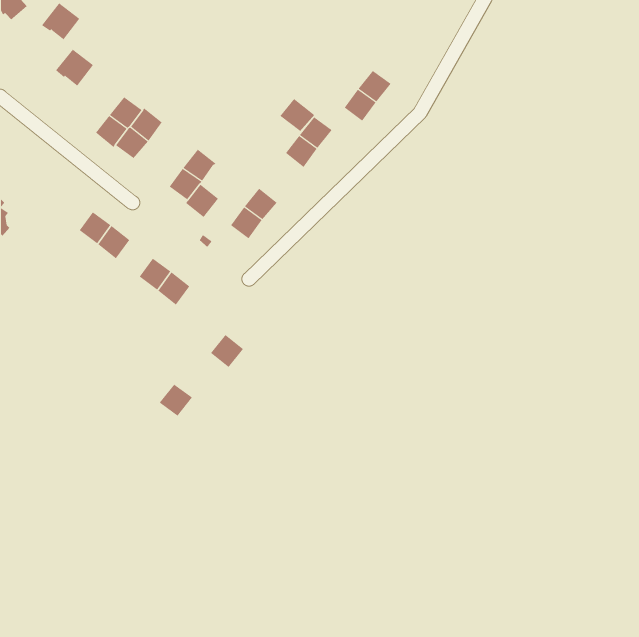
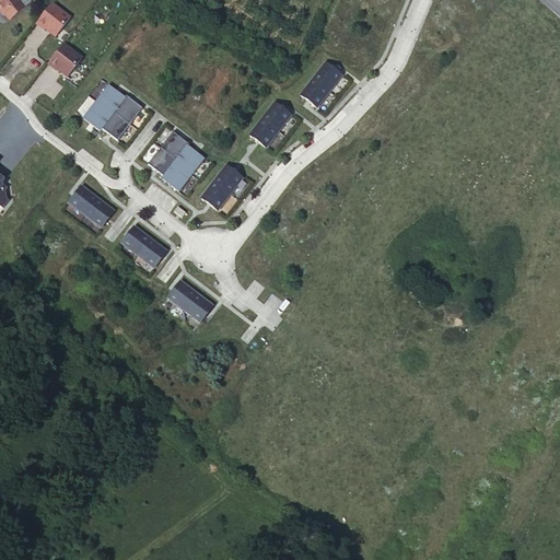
building: [280,98,315,132] -> none
building: none -> [175,144,203,174]
building: [159,384,193,416] -> [167,280,197,308]

